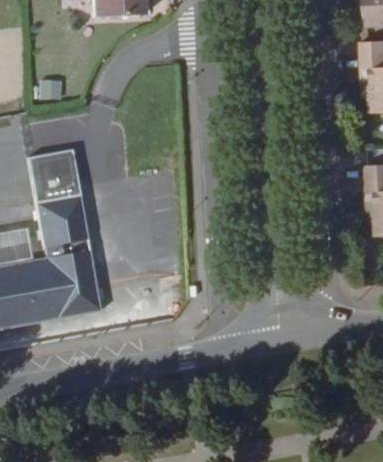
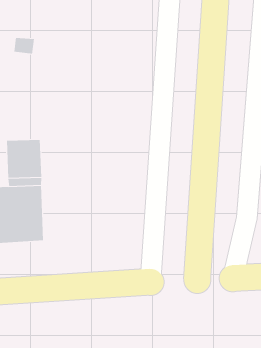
building: [31,149,78,200] -> none

